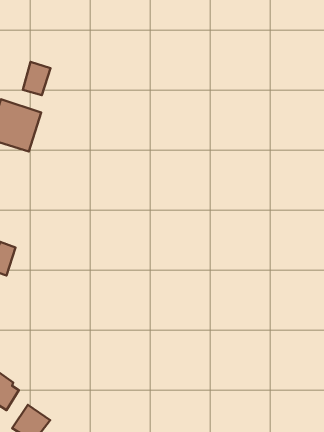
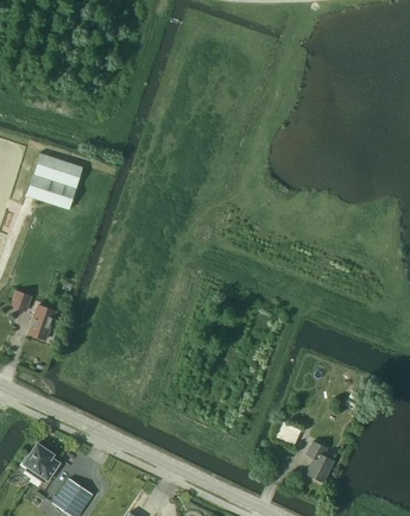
building: [23,62,50,95] -> none
building: none -> [305,441,333,483]

